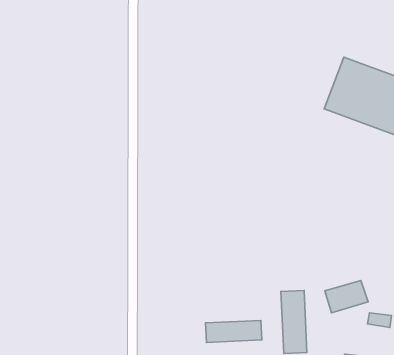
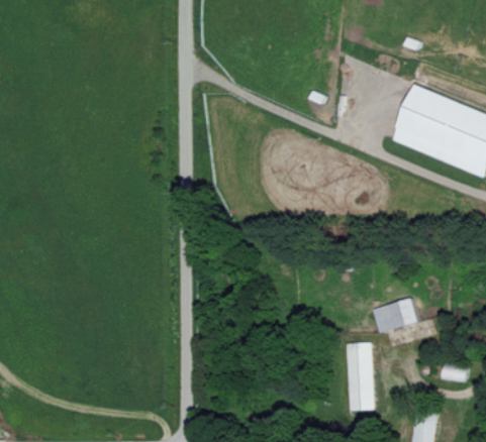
building: [325,281,368,313] -> [372,298,419,333]
building: [205,320,262,342] -> none

